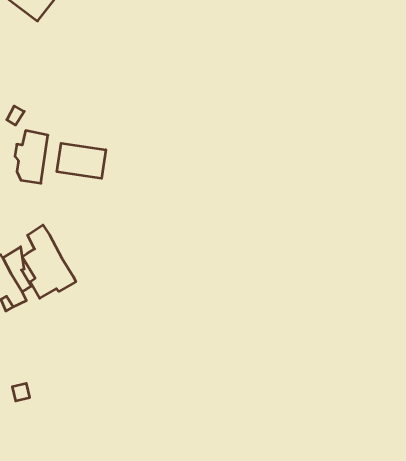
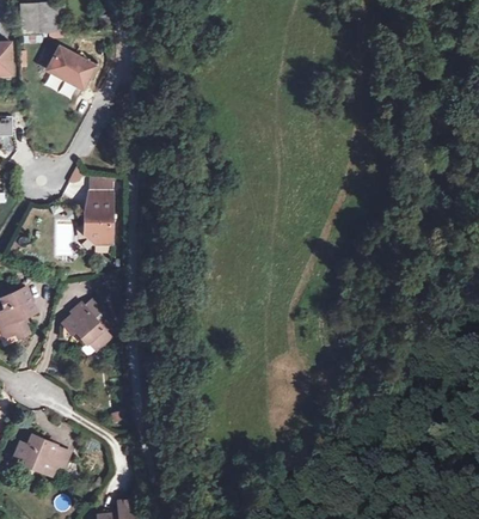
building: [57,143,106,178] -> none
building: [22,225,76,298] -> none

